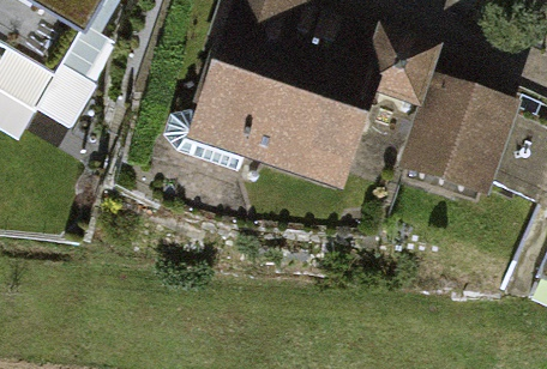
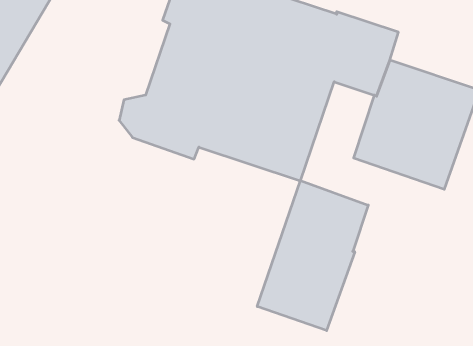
building: none -> [257,181,368,331]

